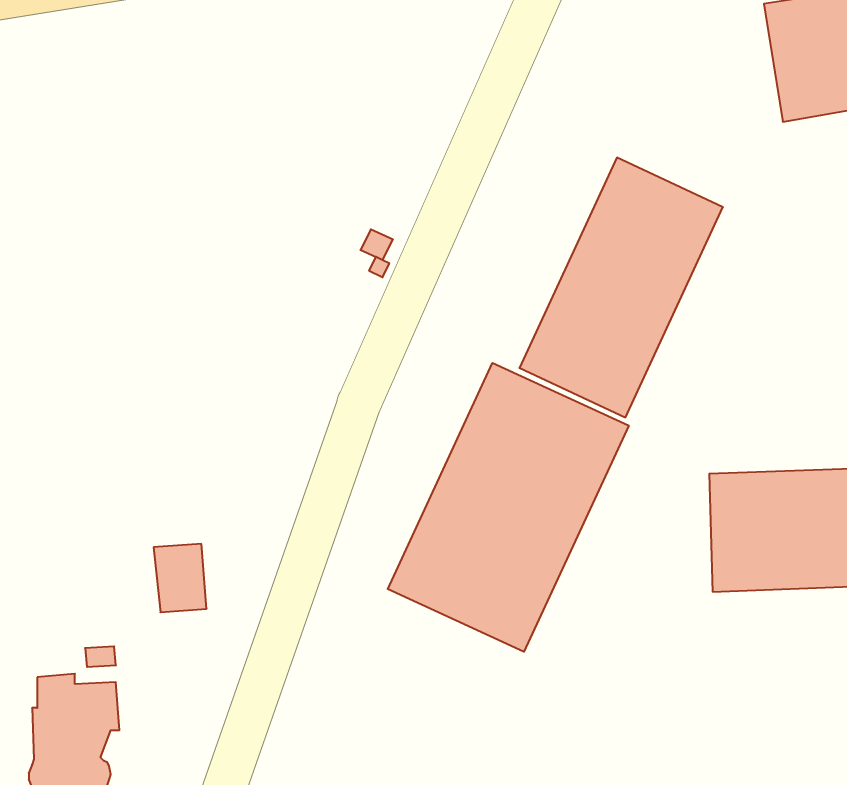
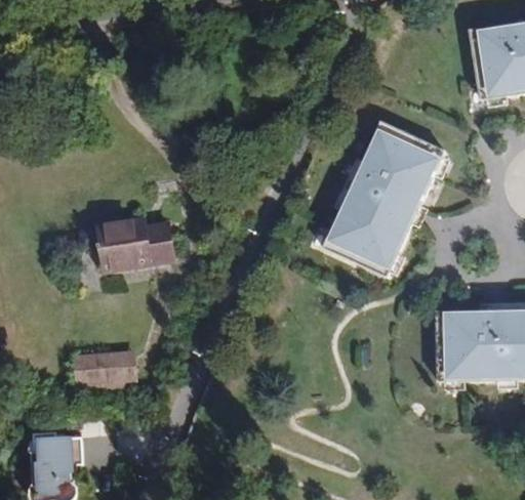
building: none -> [98,218,176,272]
building: [388,363,629,652] -> none
building: none -> [75,355,109,395]

